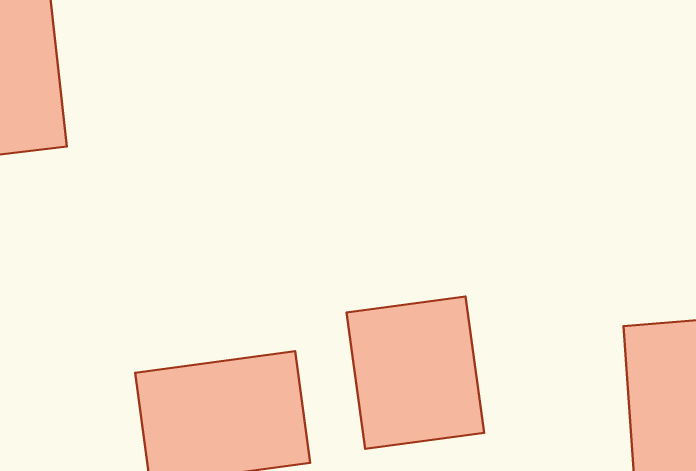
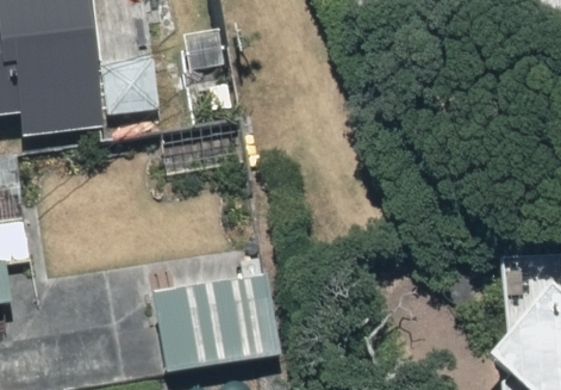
building: [347,296,484,449] -> none

